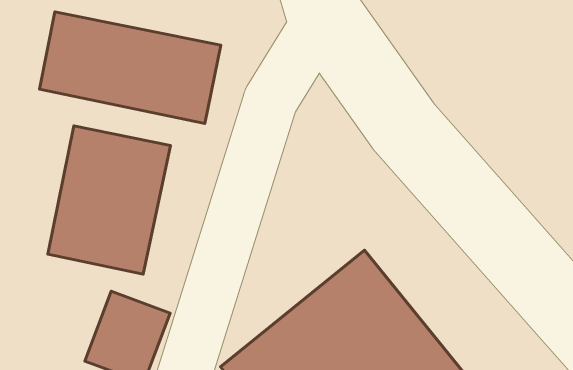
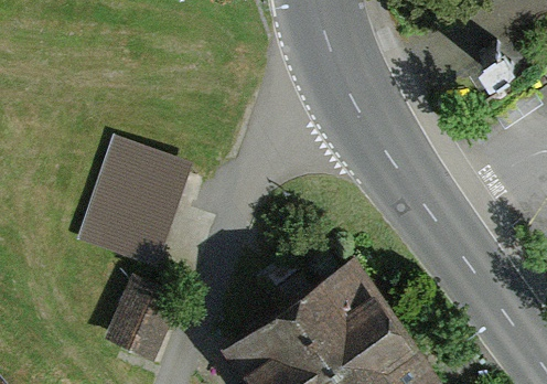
building: [39,12,221,123] -> none

